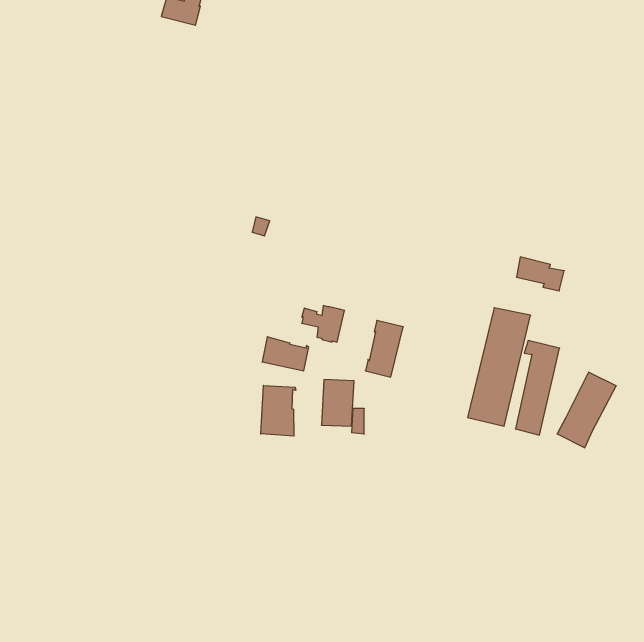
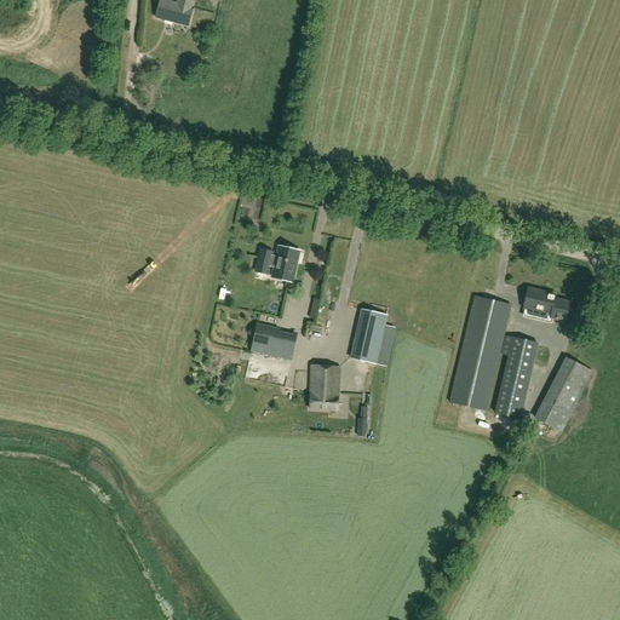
building: [516,257,564,291] -> [523,287,569,320]
building: [302,306,345,342] -> [258,245,299,280]
building: [261,385,296,436] -> none

